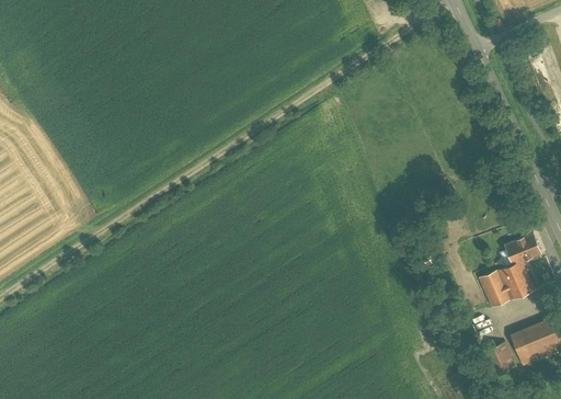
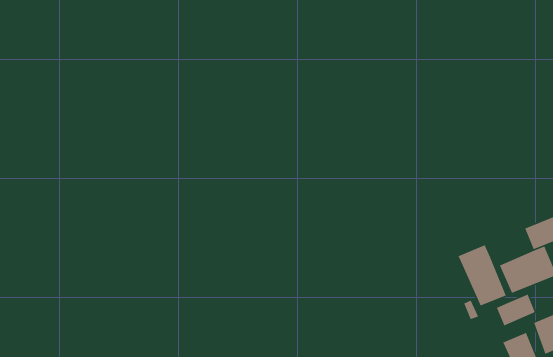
building: none -> [458,244,507,307]
building: none -> [496,294,536,326]

